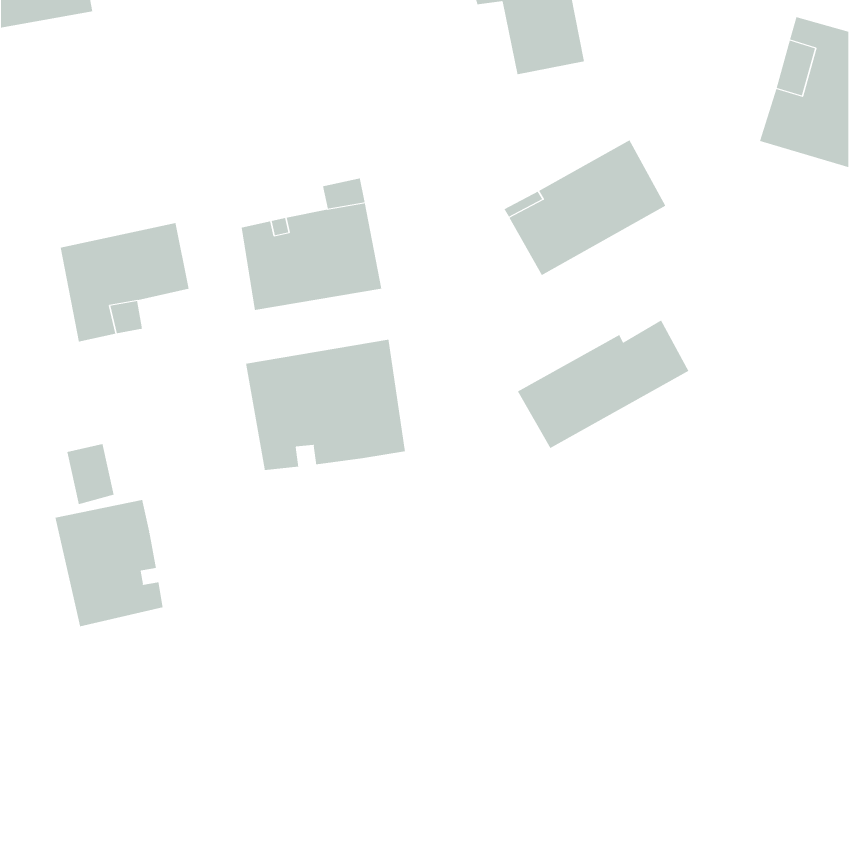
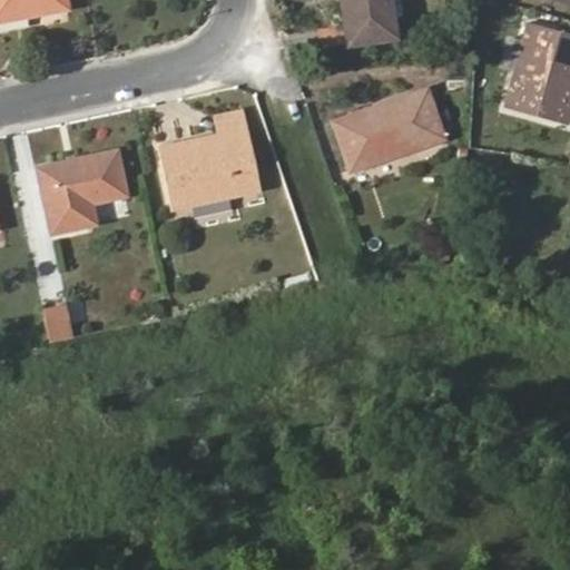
building: [517,320,689,449] -> none
building: [246,339,406,471] -> none
building: [55,499,163,627] -> none

